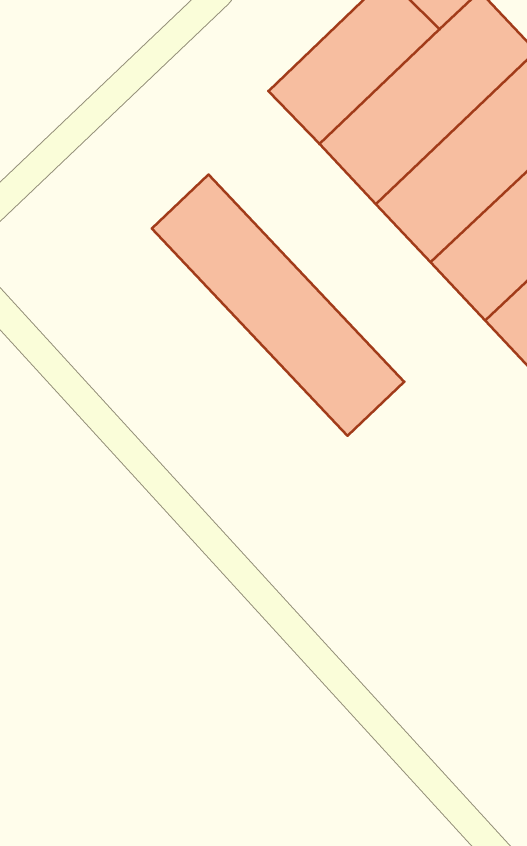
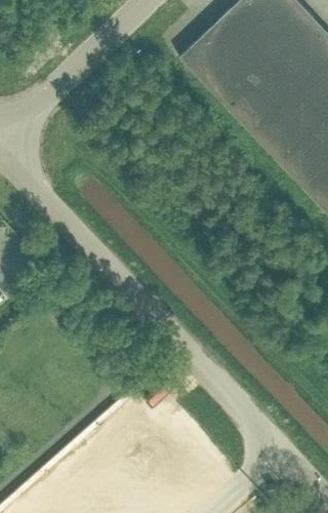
building: [152,175,404,436] -> none

